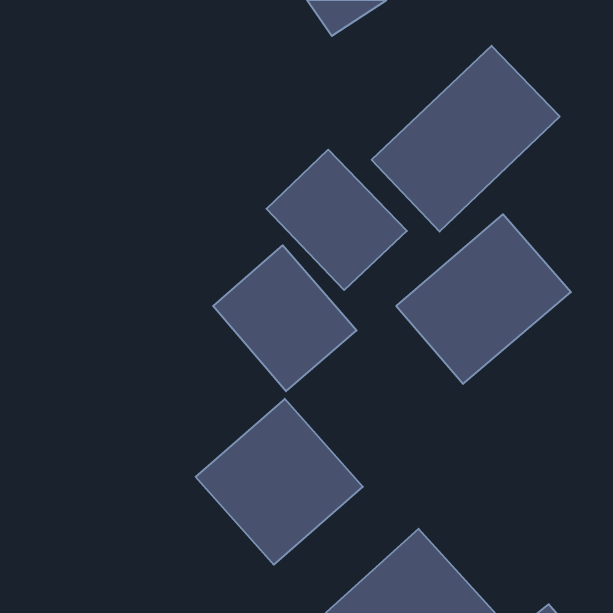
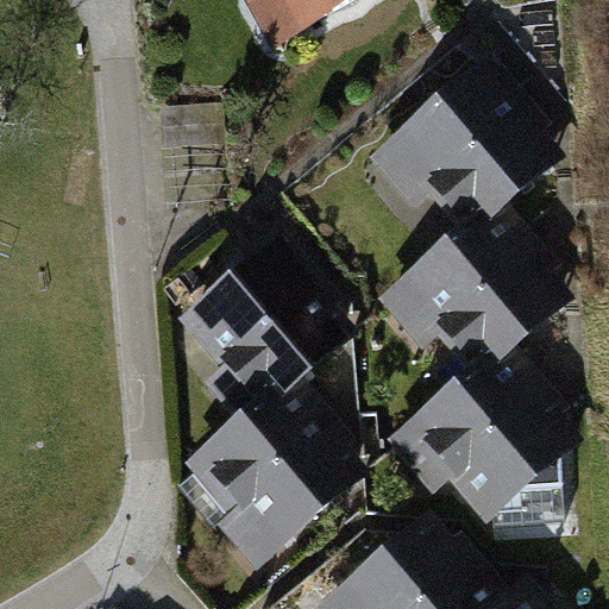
building: [266,150,407,290] -> none
building: none -> [412,369,582,536]

